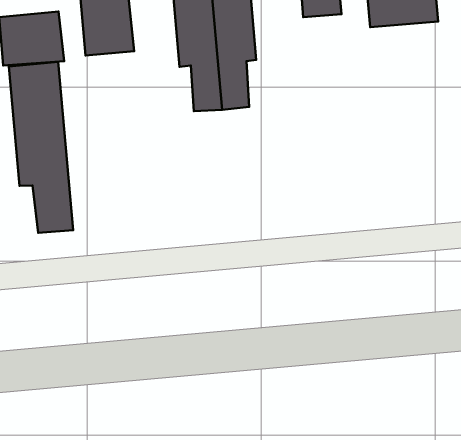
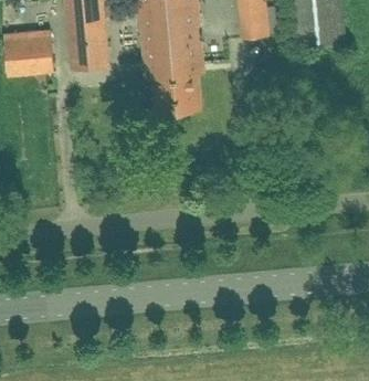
building: [9,62,73,233] -> none

